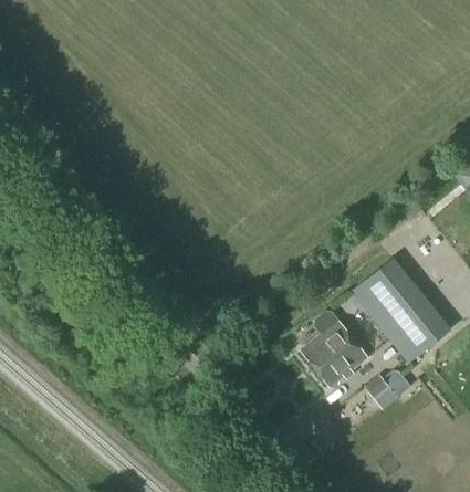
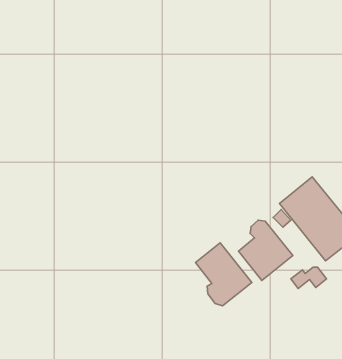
building: none -> [196,243,252,306]

